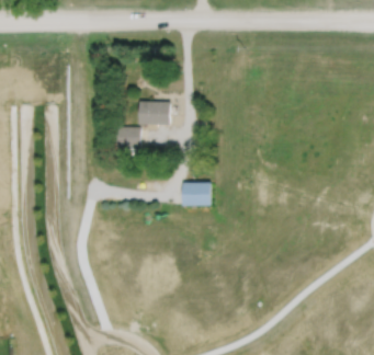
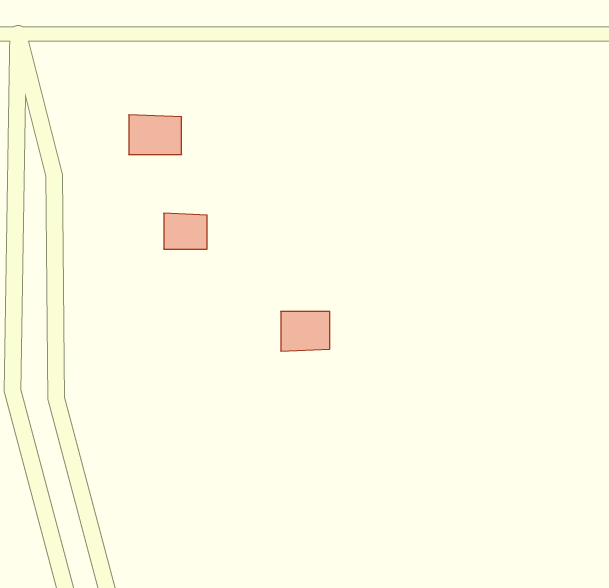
building: [138,101,169,124] -> [129,115,182,155]

